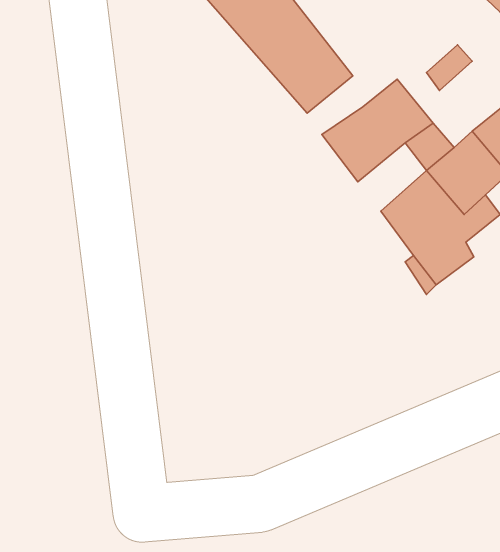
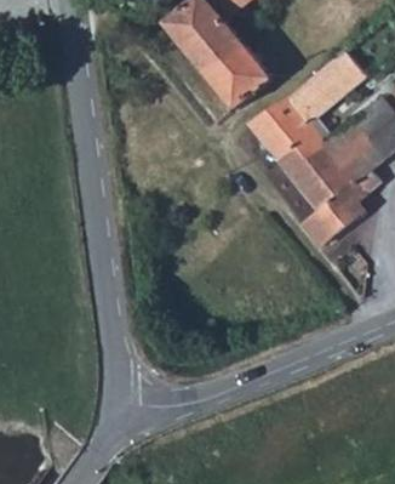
building: none -> [274,130,325,181]

